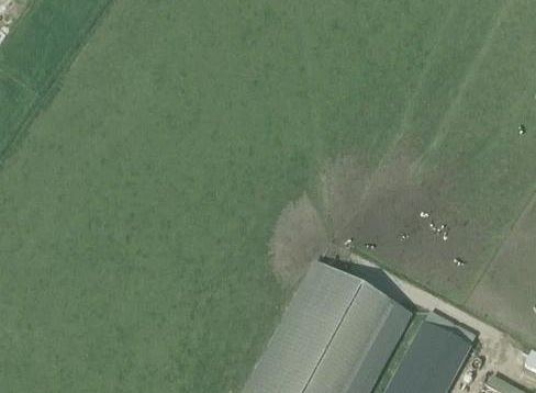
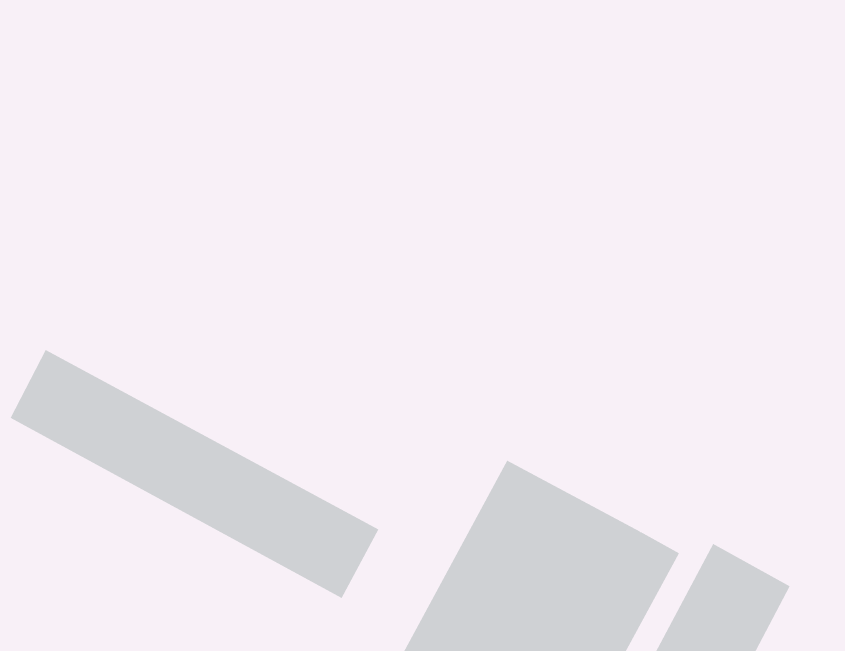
building: none -> [10,349,379,599]

